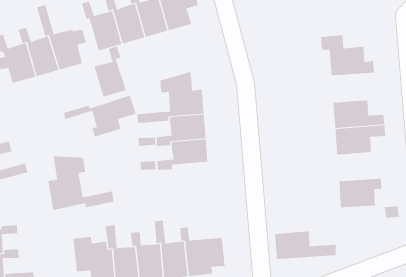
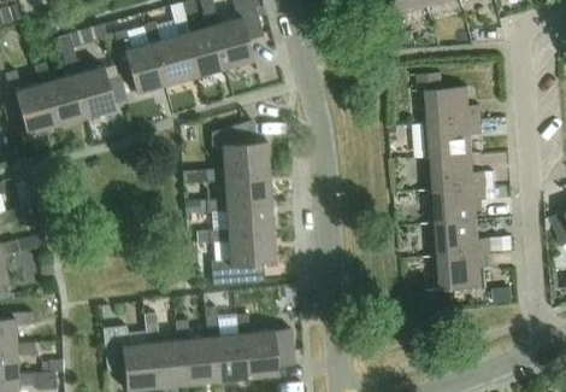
building: [94,46,126,98] -> none
building: none -> [426,122,482,159]
building: [63,95,137,138] -> none
building: [48,155,114,211] -> none
building: none -> [210,234,275,289]
building: [274,231,336,259] -> [434,222,512,258]

